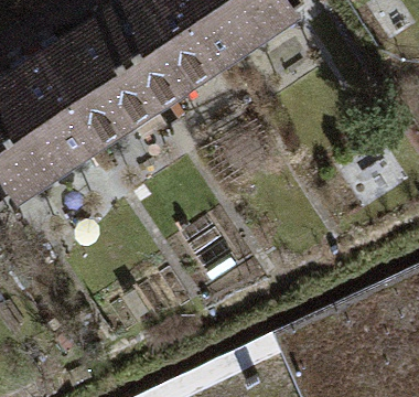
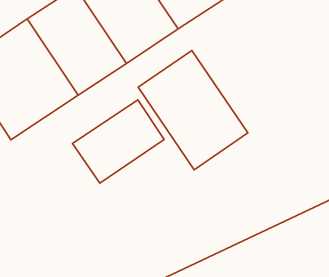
building: none -> [138,50,248,170]
building: none -> [73,100,164,183]

